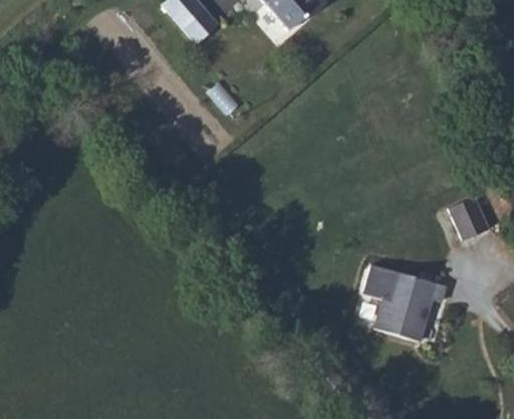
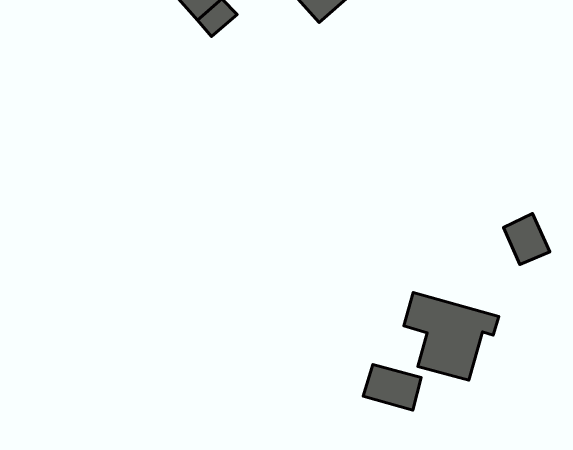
building: none -> [363,365,421,410]

